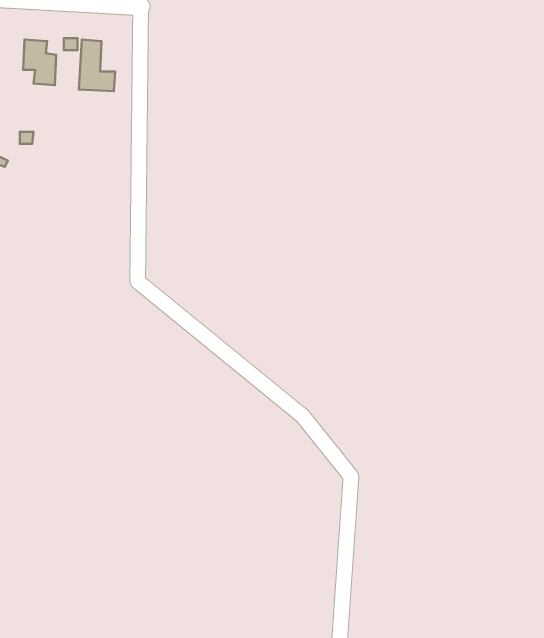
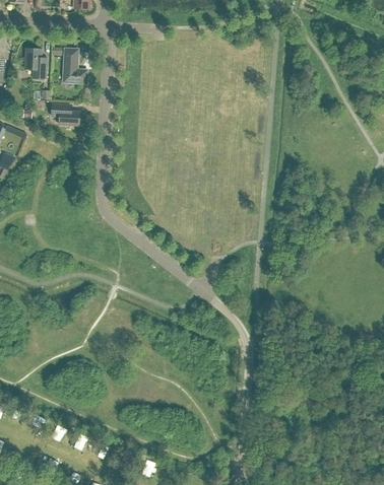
building: none -> [52,102,80,125]

